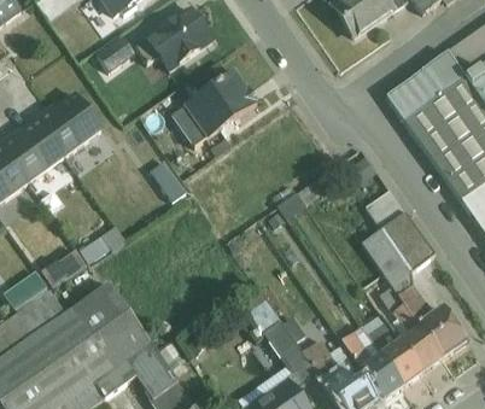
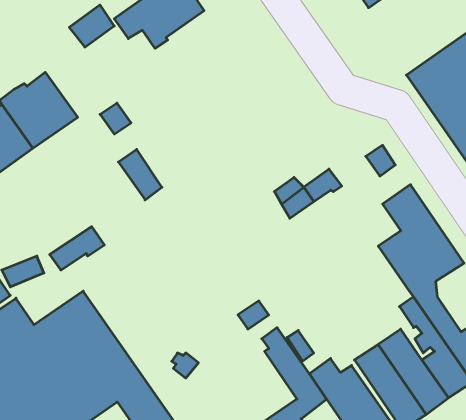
building: [173,70,257,145] -> none

